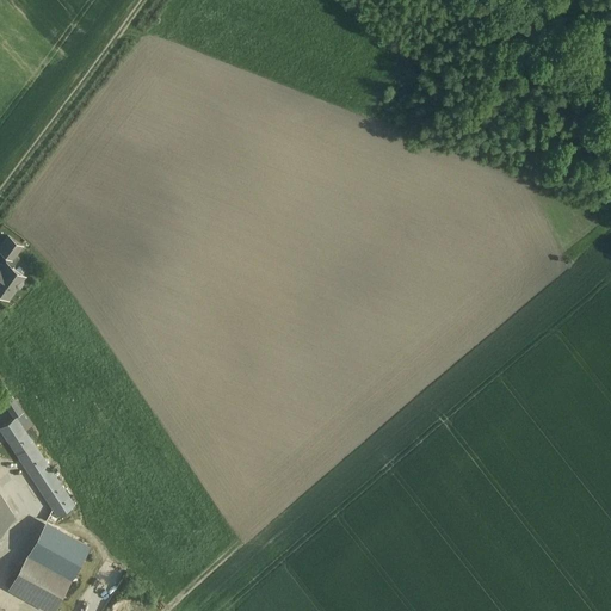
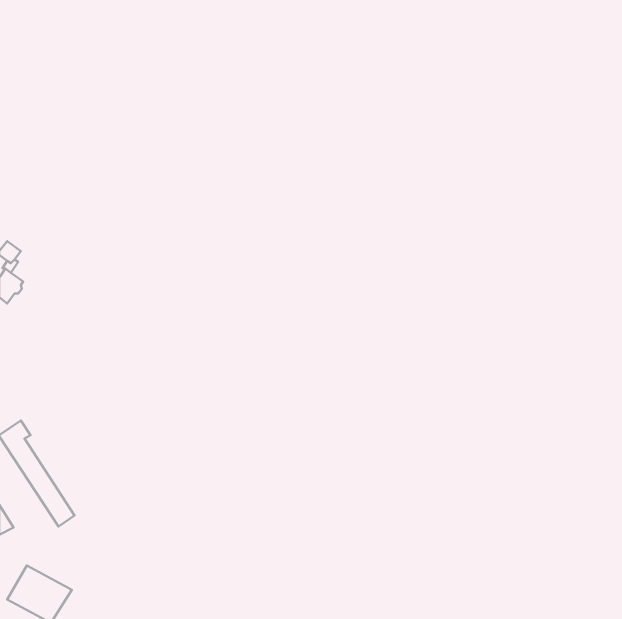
building: [26,524,88,581] -> none

